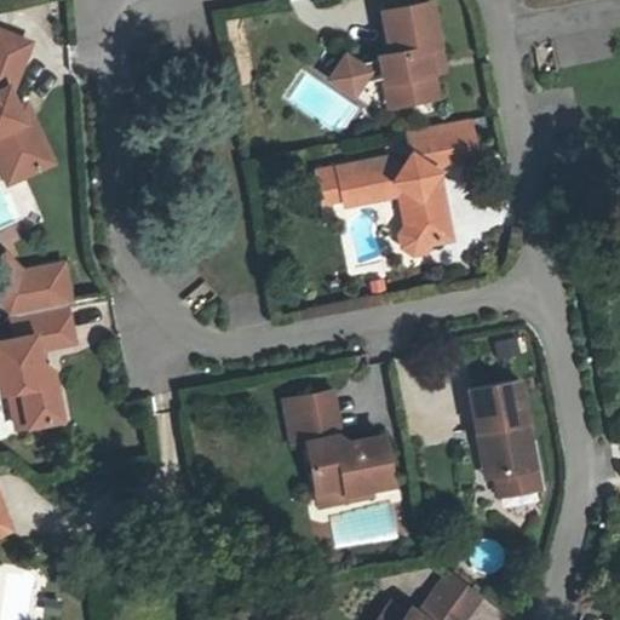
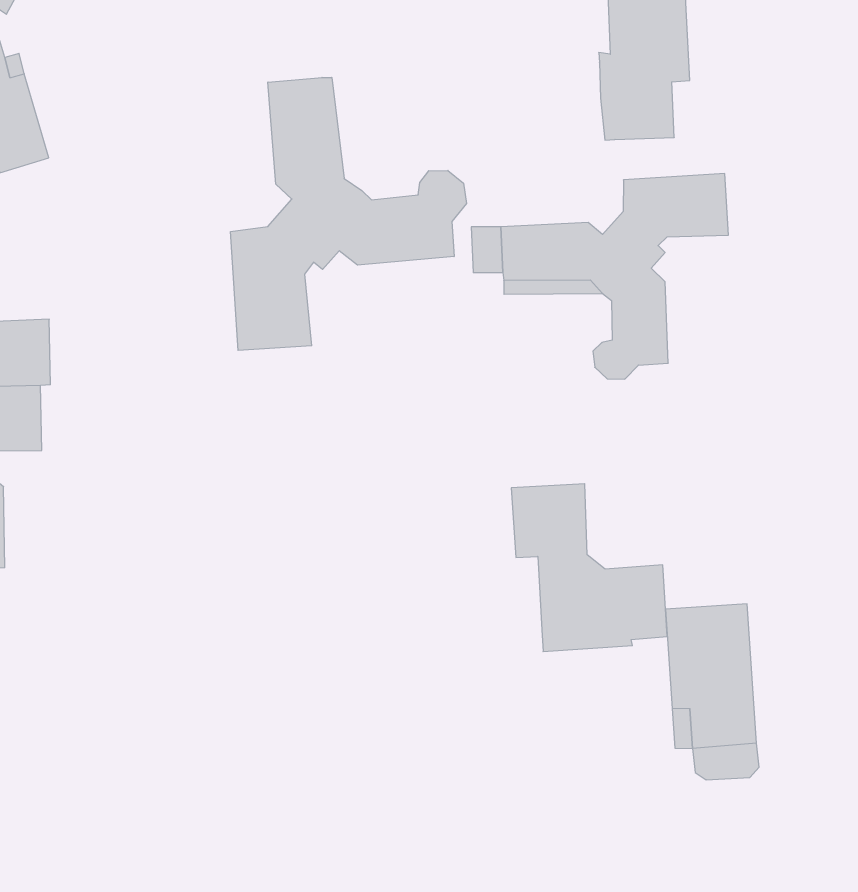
building: [335,57,388,97] -> none
building: none -> [231,77,466,350]
building: [288,395,396,501] -> [511,484,667,652]

